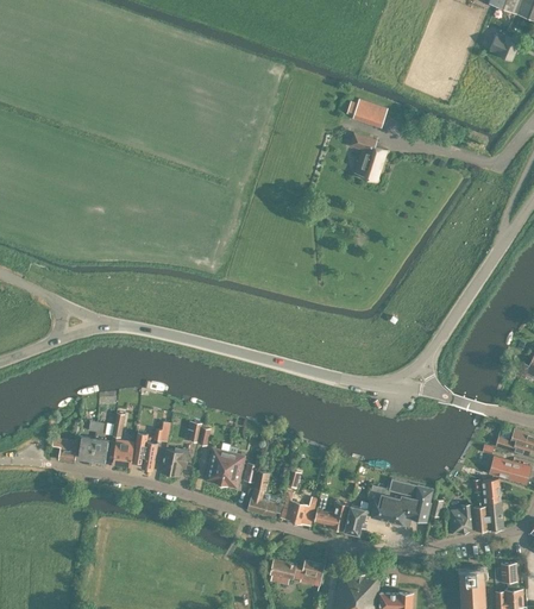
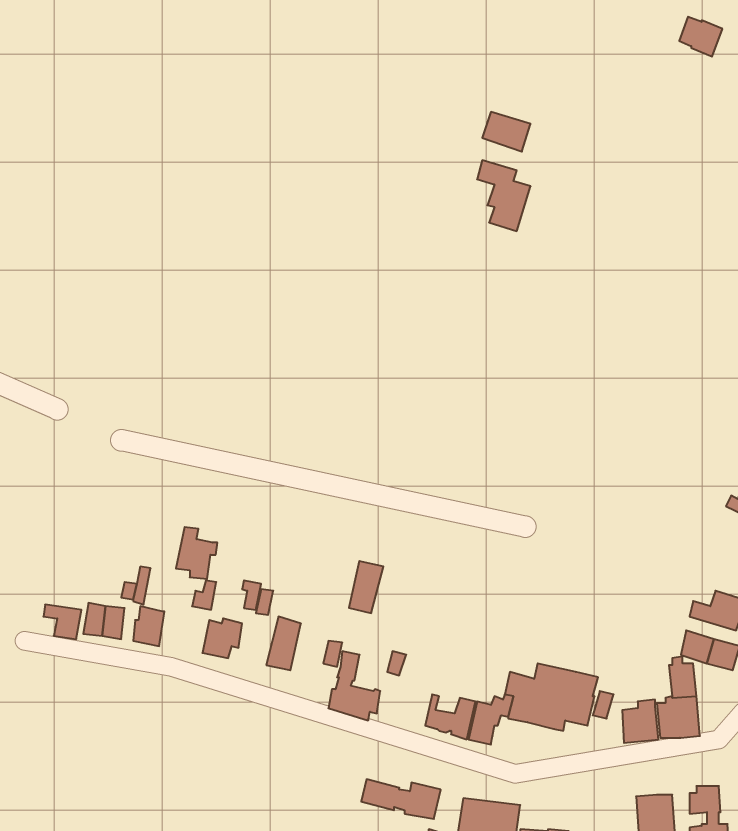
building: [132,433,161,469] -> [176,527,217,579]
building: [221,451,245,486] -> [349,561,383,613]
building: [281,491,316,526] -> none

